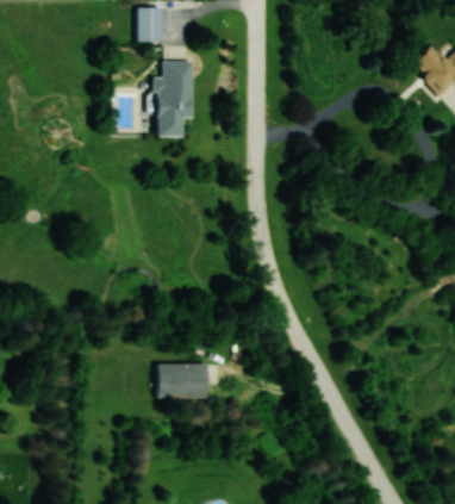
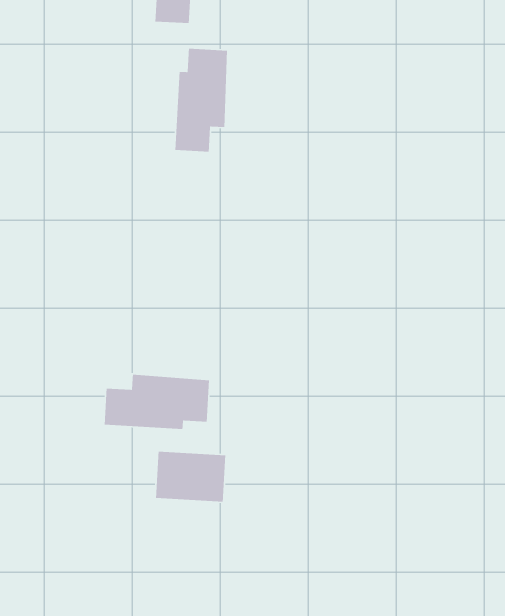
building: none -> [104,374,210,430]

